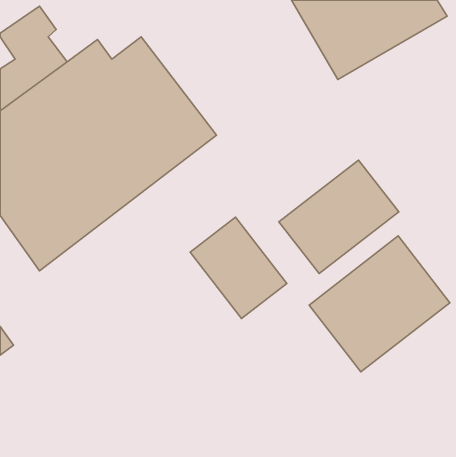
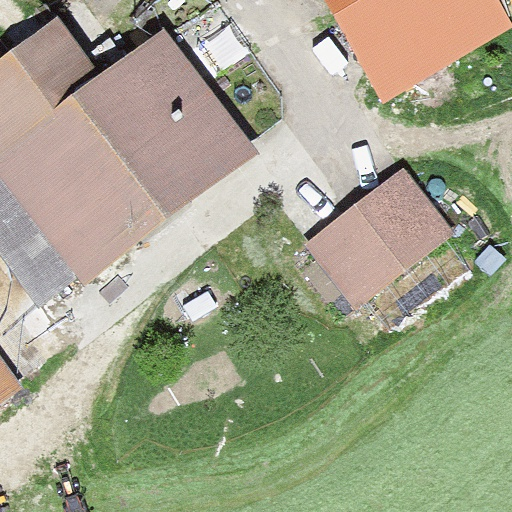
building: [190,217,287,319] -> none
building: [309,236,450,372] -> none

